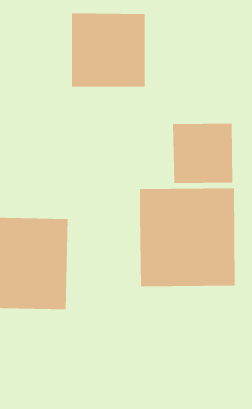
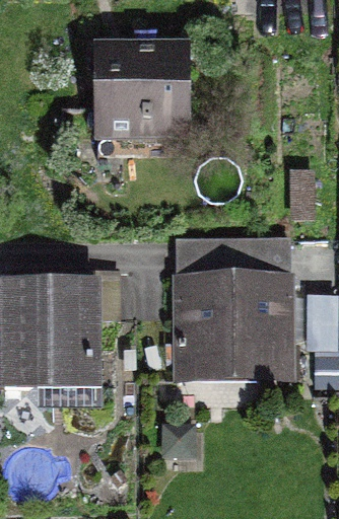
building: [173,123,233,184] -> none

